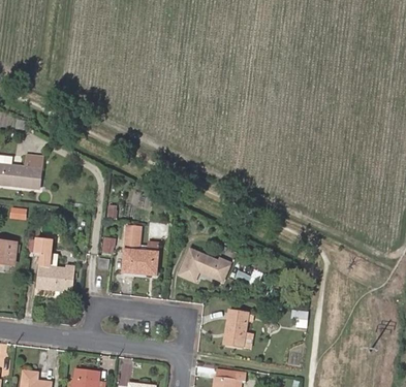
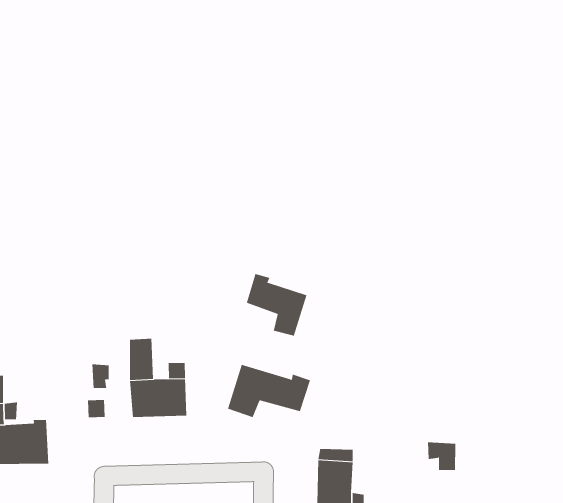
building: none -> [246,273,307,337]

